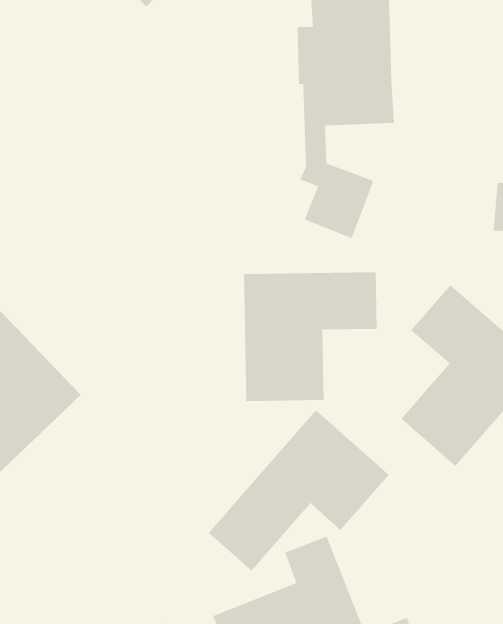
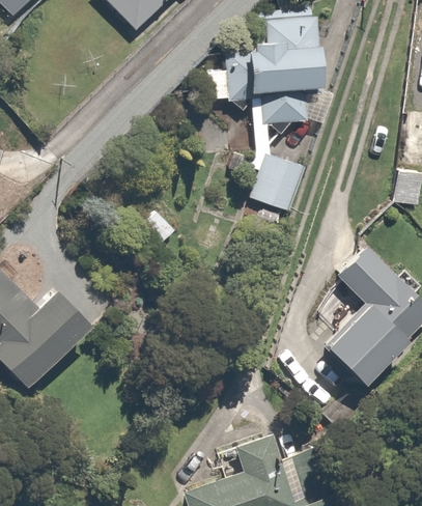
building: [243,272,377,402] -> none
building: [208,409,389,571] -> none

